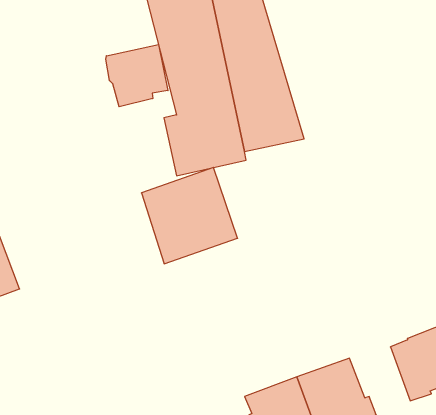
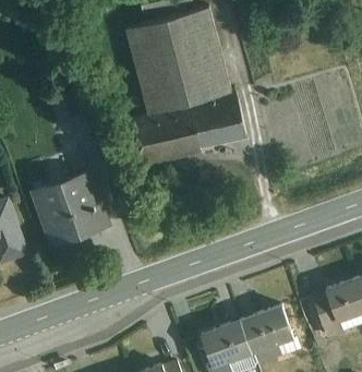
building: [106,45,168,107] -> none
building: [141,167,238,264] -> [34,169,108,243]

